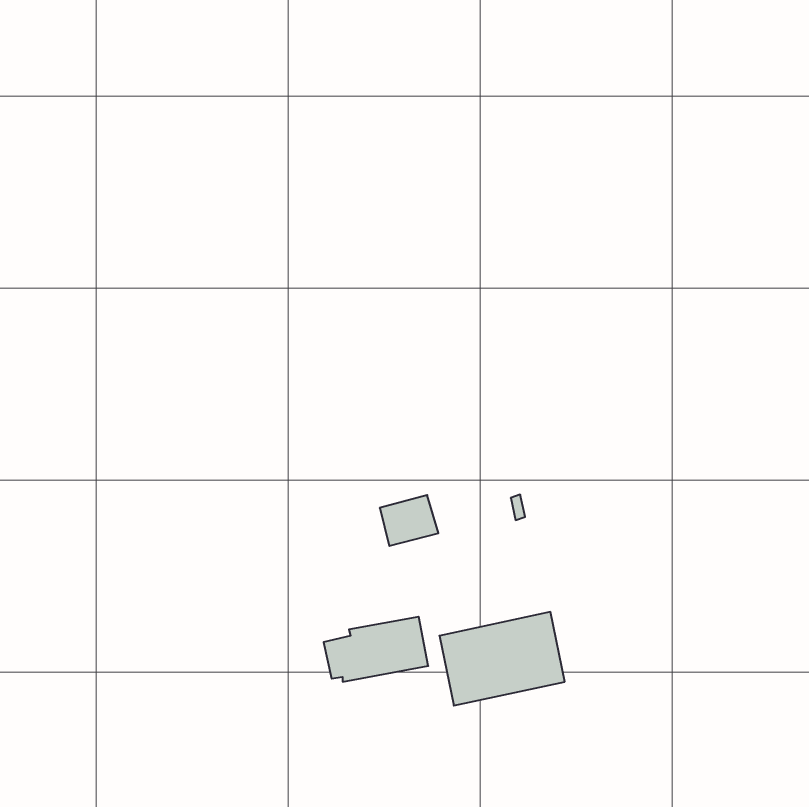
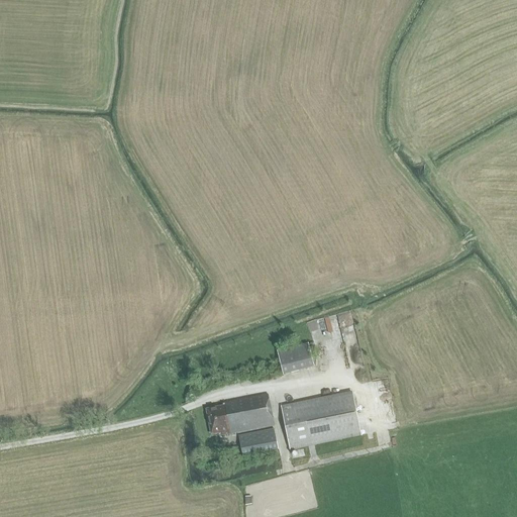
building: [380,495,438,546] -> [276,341,313,374]
building: none -> [236,427,277,455]

